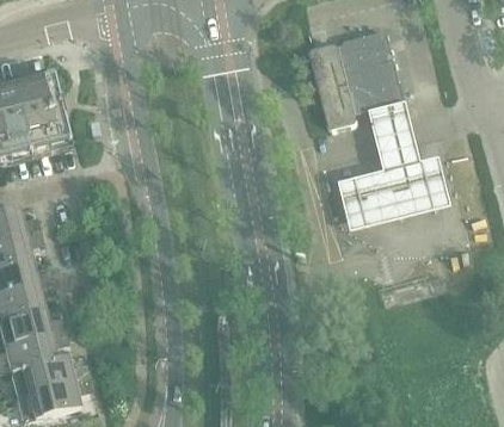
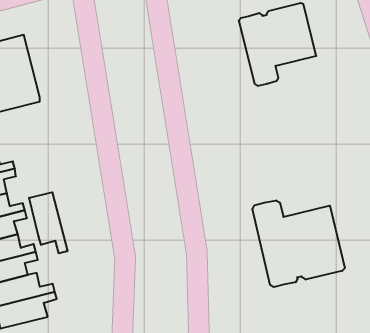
building: [338,100,449,229] -> none
building: none -> [29,192,67,253]
building: none -> [253,200,345,287]

